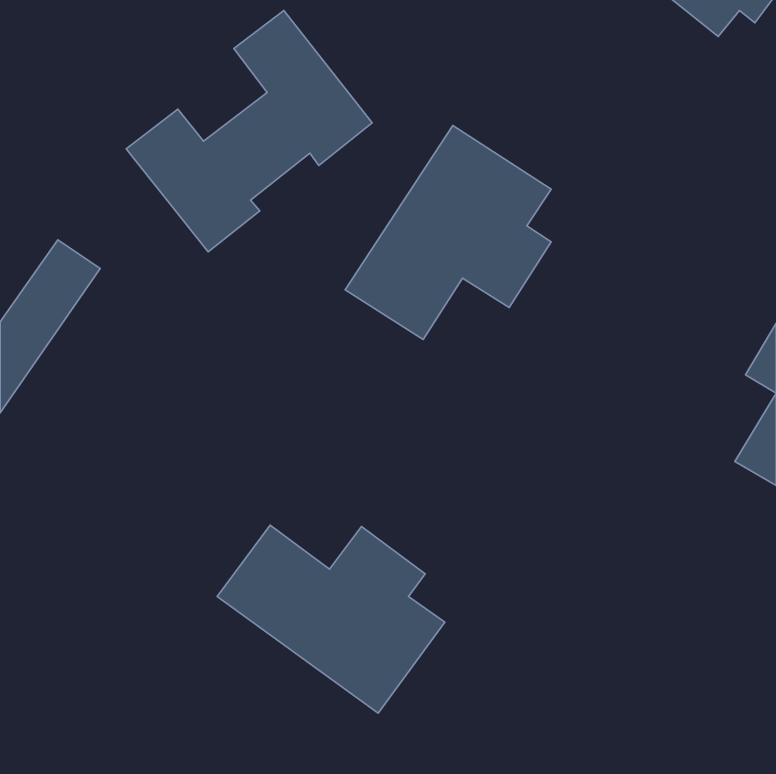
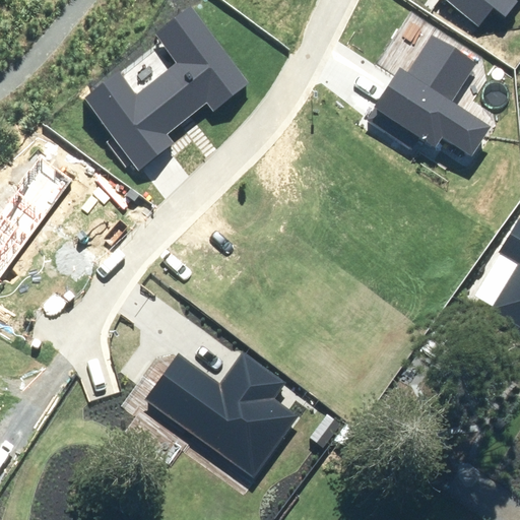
building: none -> [368,32,493,158]
building: [345,126,551,340] -> none

